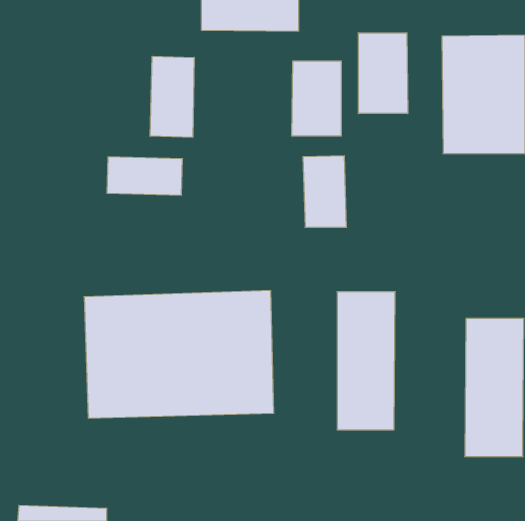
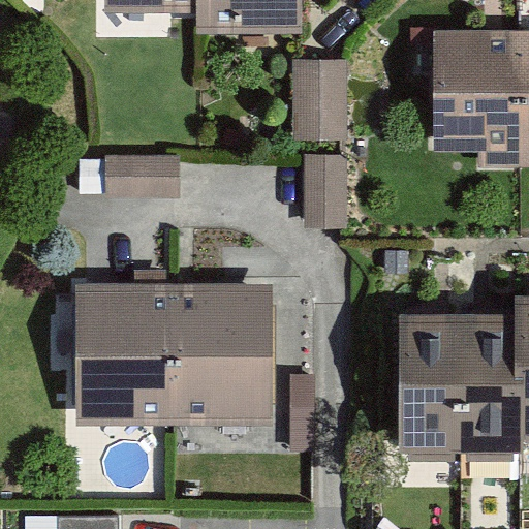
building: [358,33,408,114] -> none
building: [150,56,194,137] -> none
building: [337,292,395,430] -> [406,317,464,455]

